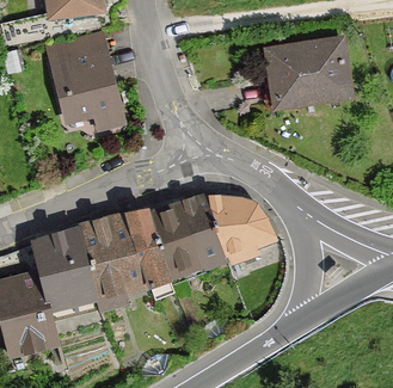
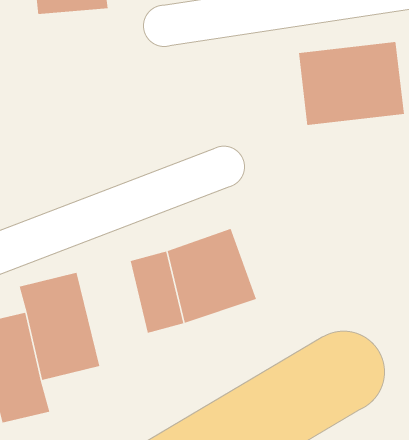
building: [51,48,122,137] -> none
building: [204,193,270,255] -> none
building: [75,223,139,312] -> none

